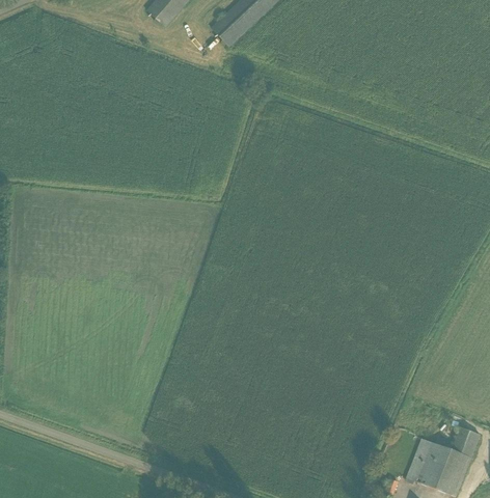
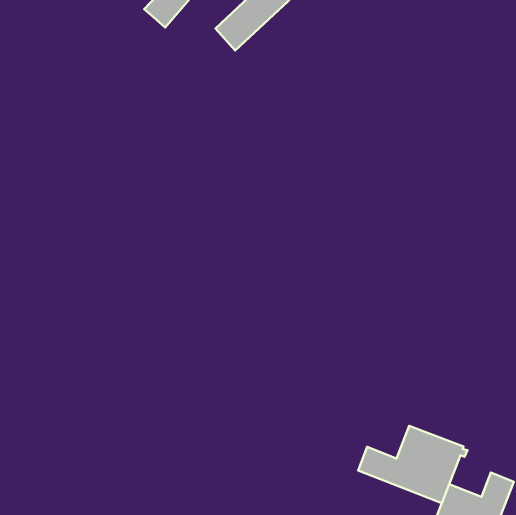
building: none -> [358,426,468,503]

